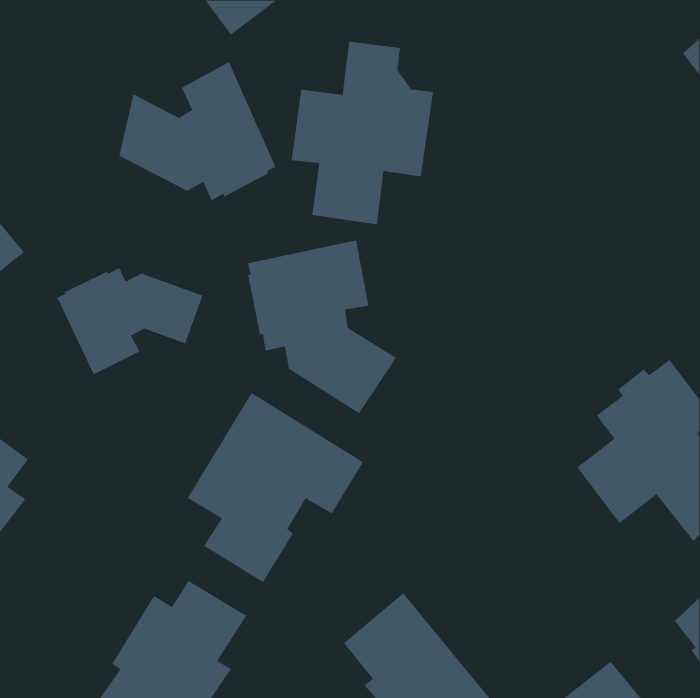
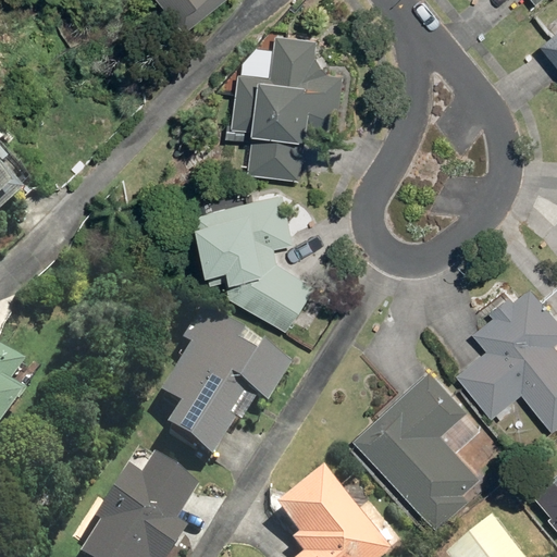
building: [119,61,276,201] -> none
building: [56,267,203,375] -> none
building: none -> [352,371,480,530]

